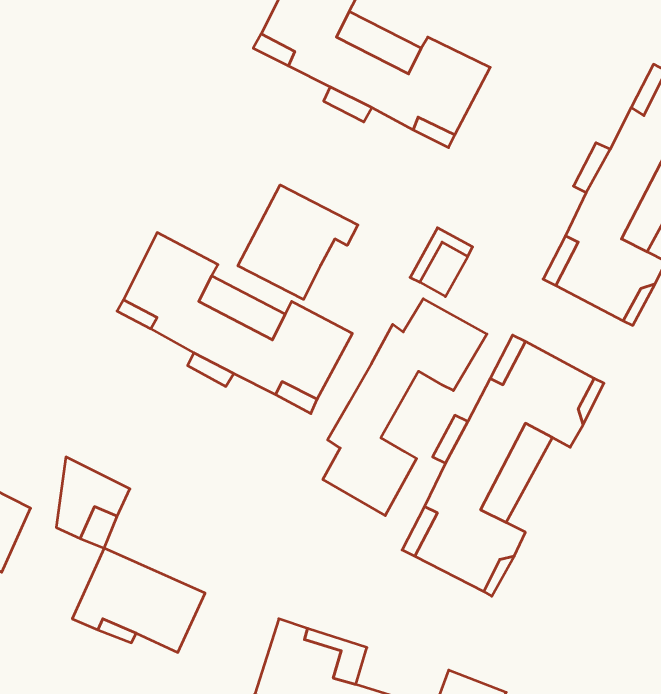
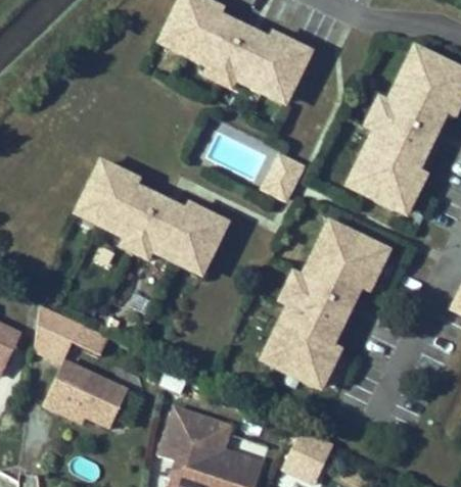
building: [238,185,358,299] -> none
building: [323,299,487,516] -> none

